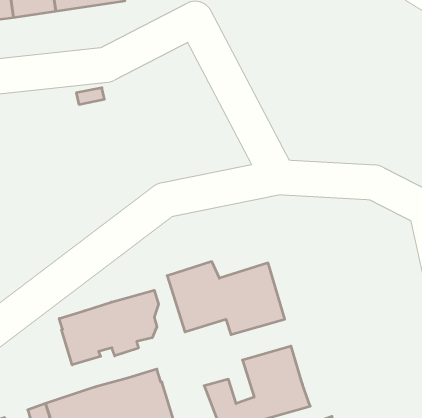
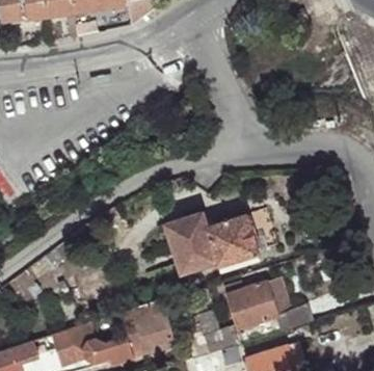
building: [59,290,158,365] -> none
building: none -> [265,277,310,332]

